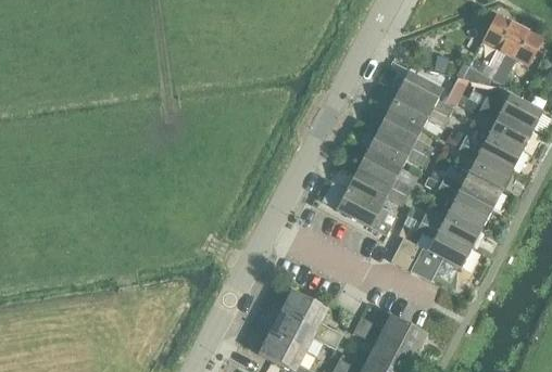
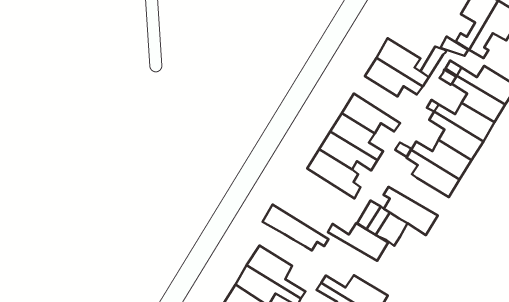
building: [377,111,431,156] -> none
building: [418,210,480,247] -> [328,223,388,261]
building: none -> [263,205,329,251]

